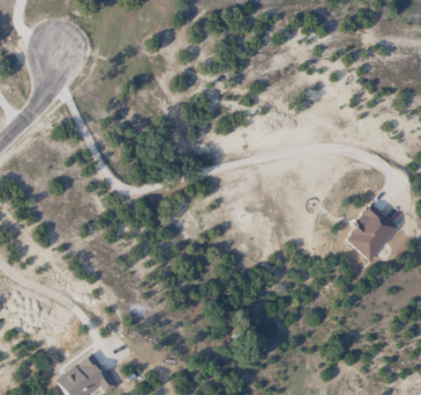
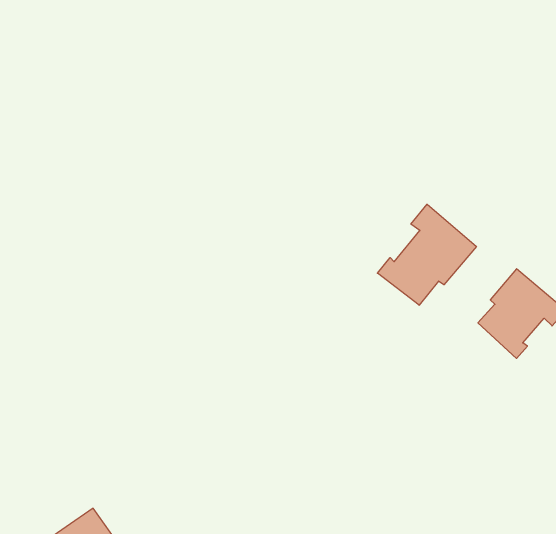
building: none -> [377,204,476,305]

